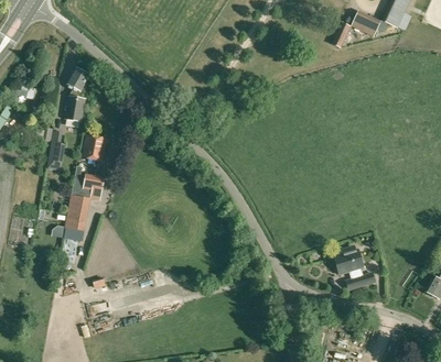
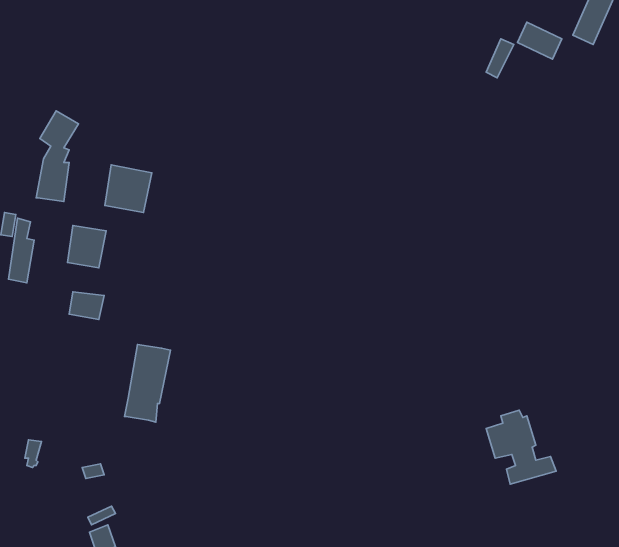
building: none -> [105,165,152,212]
building: [63,195,90,241] -> [124,344,171,422]

